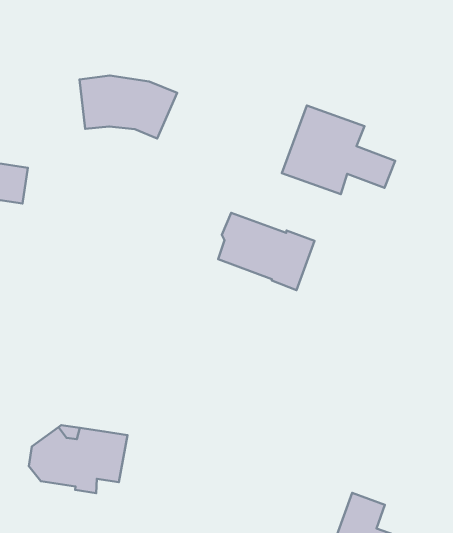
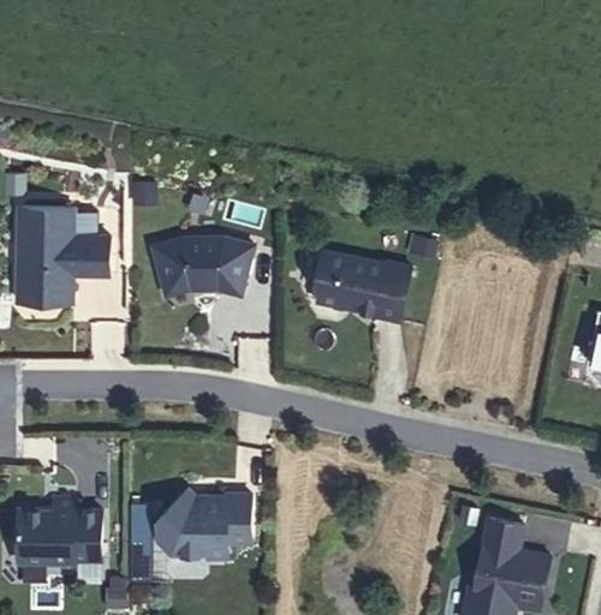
building: [80,76,177,138] -> [153,239,254,297]
building: [282,106,395,194] -> none

